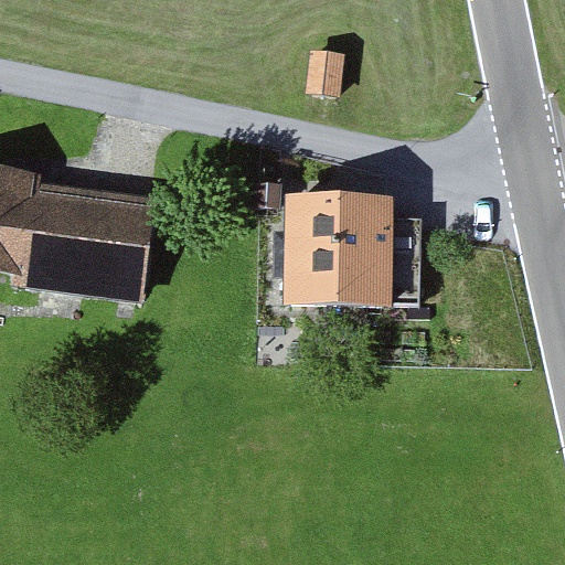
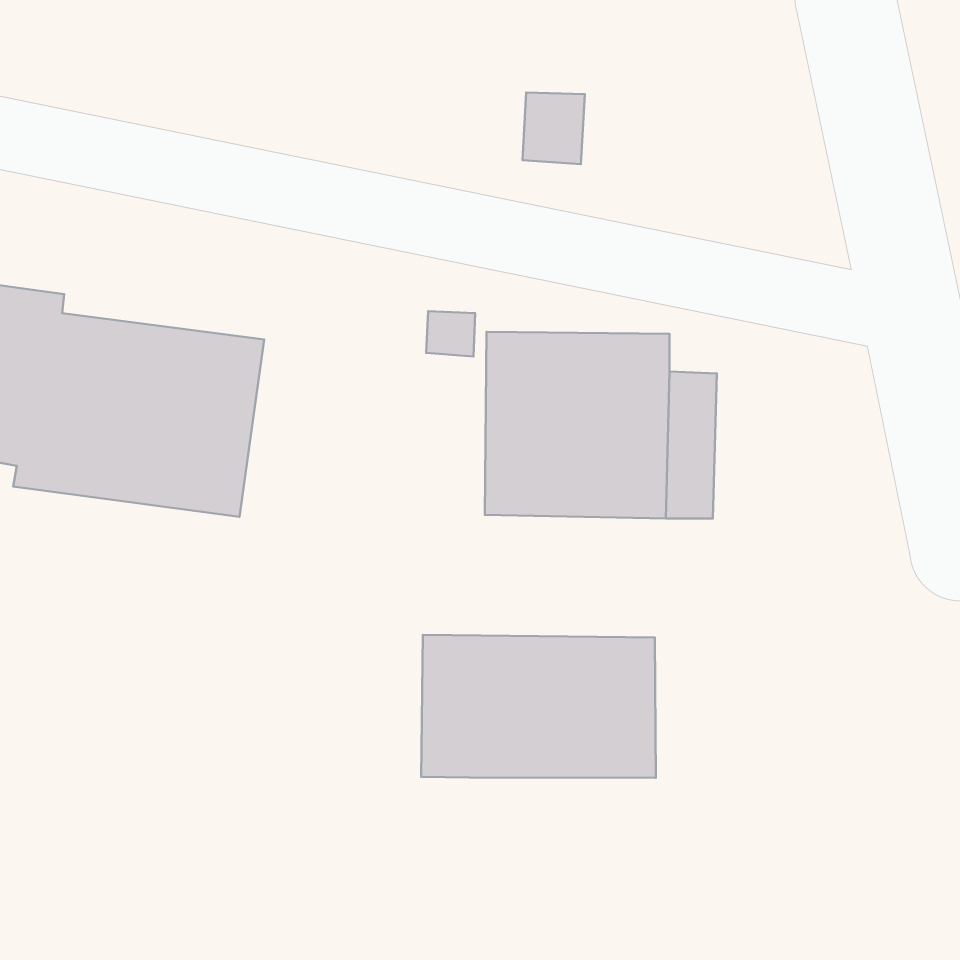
building: none -> [421,635,656,778]

